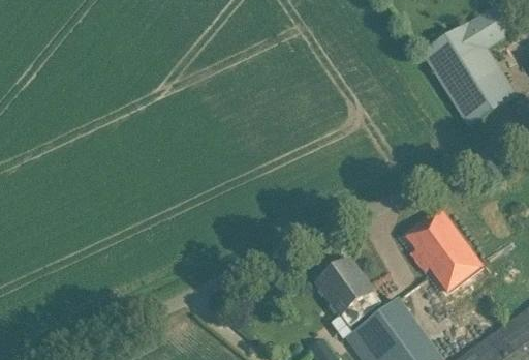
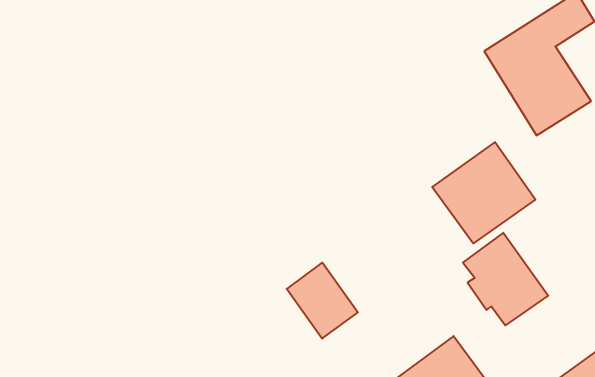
building: none -> [432,142,535,243]
building: [319,259,381,325] -> [287,263,358,339]

